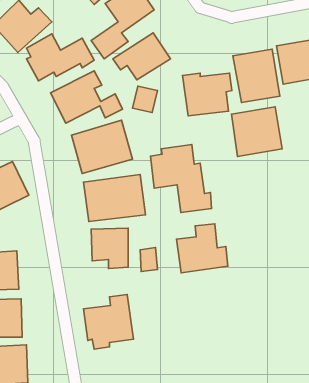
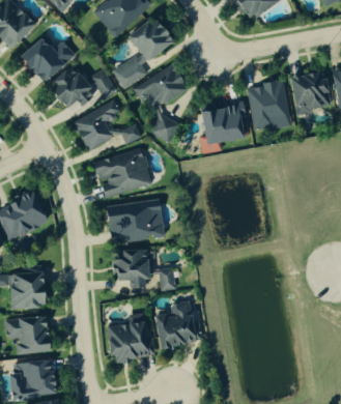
building: [232,107,282,156] -> none
building: [150,145,211,213] -> none
building: [177,224,228,273] -> [154,301,203,348]

